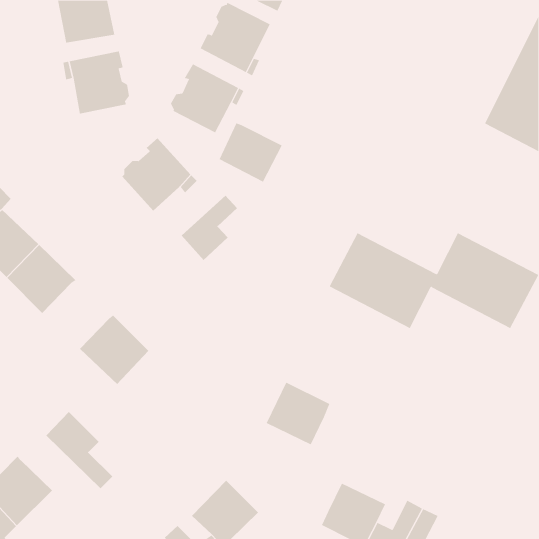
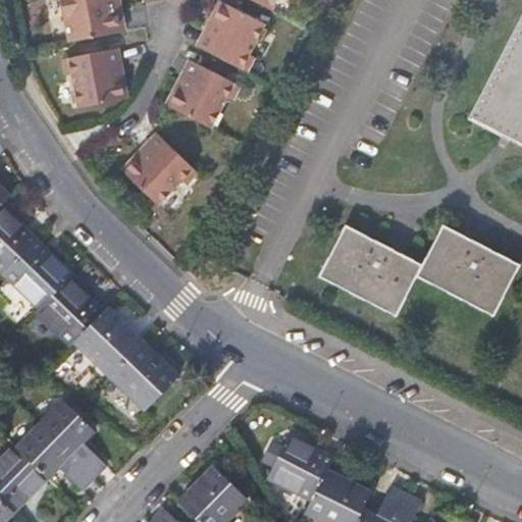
building: [219,123,282,183] -> none
building: [181,195,238,261] -> none
building: none -> [38,274,105,342]
building: none -> [113,340,178,405]
building: [266,382,330,445] -> [272,433,334,494]
building: none -> [20,421,97,486]

